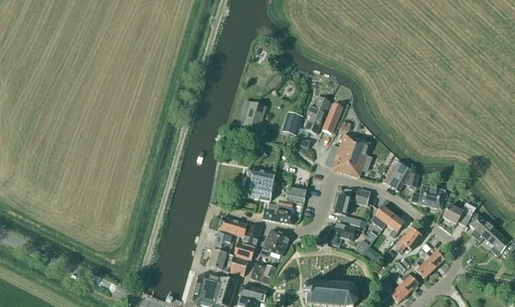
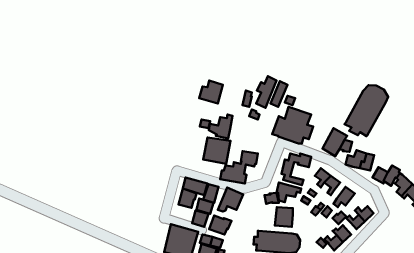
building: none -> [345,85,388,136]
building: none -> [209,115,232,138]
building: [208,249,232,272] -> none
building: none -> [275,207,293,227]

